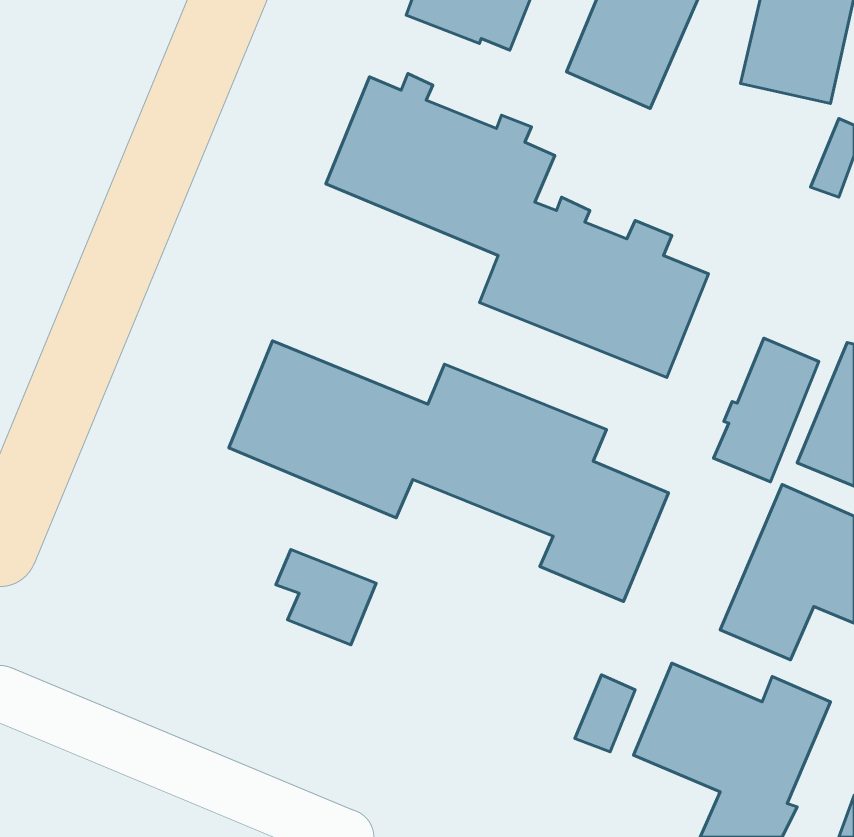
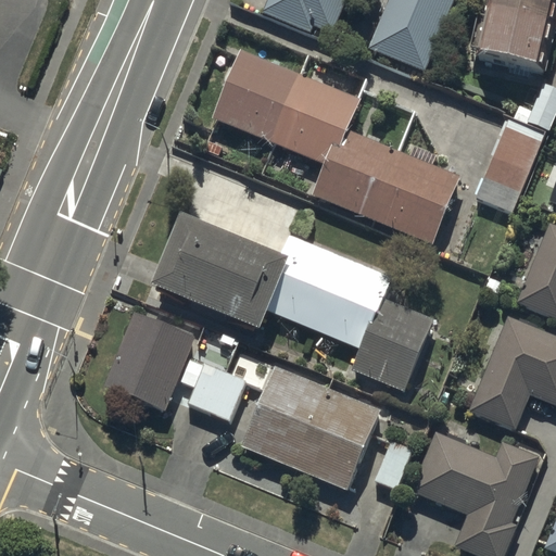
building: [714,338,819,482] -> [475,117,543,211]
building: none -> [106,309,194,406]
building: none -> [242,367,379,489]

